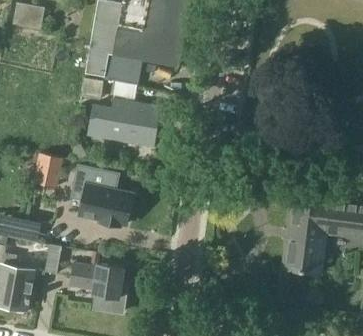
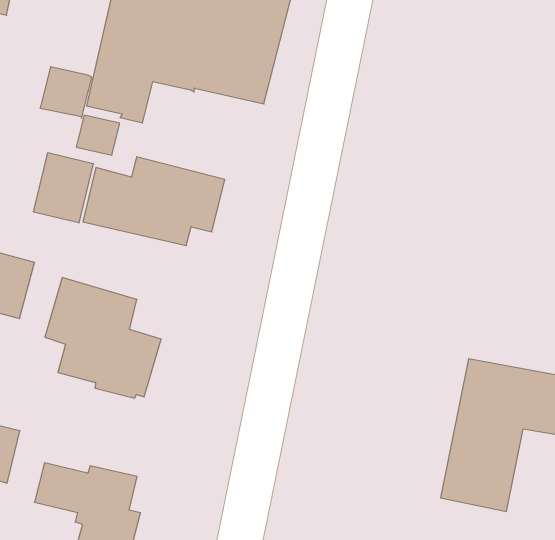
building: [115,60,141,86] -> [40,67,92,118]
building: none -> [34,153,93,223]

